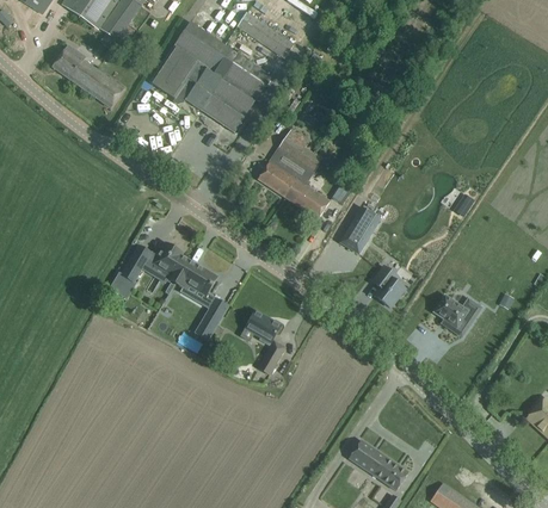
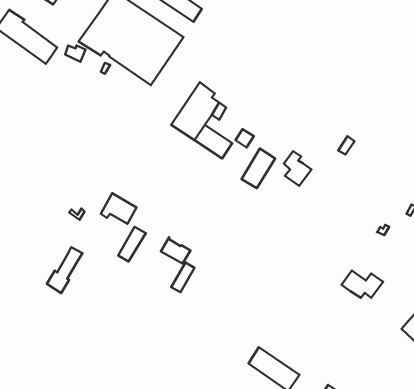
building: [152,243,187,284] -> none
building: [109,246,150,299] -> [47,247,82,293]
building: [371,267,404,308] -> [284,151,311,186]
building: [432,296,481,328] -> [342,270,383,298]

